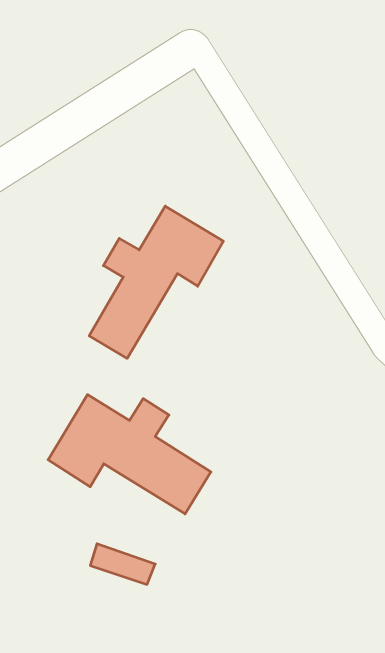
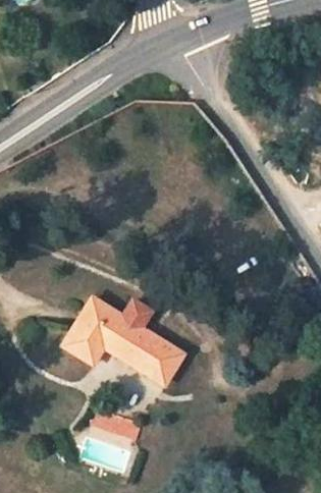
building: [89,206,223,358] -> none

